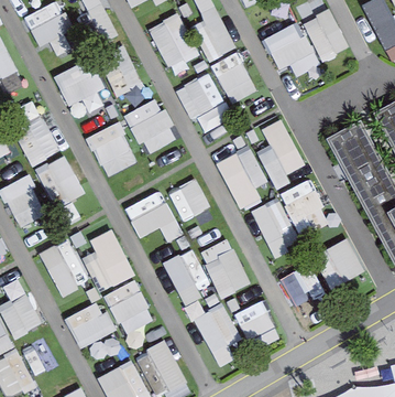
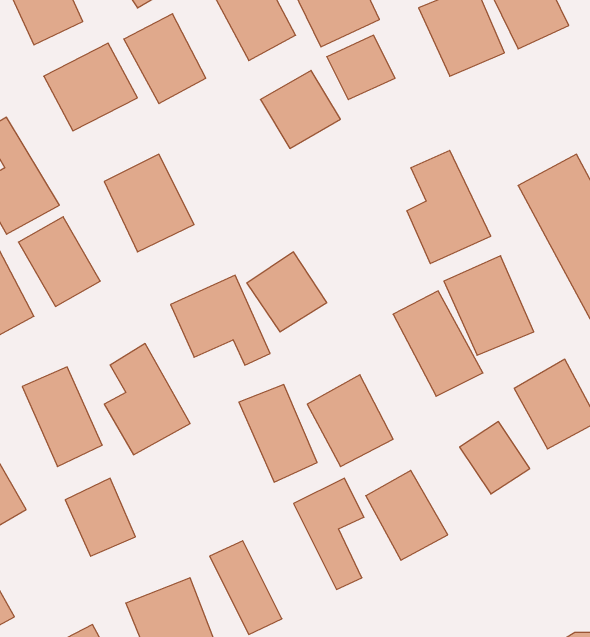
building: [124,97,178,155] -> none
building: [216,152,259,210] -> none
building: [109,283,153,333] -> none

